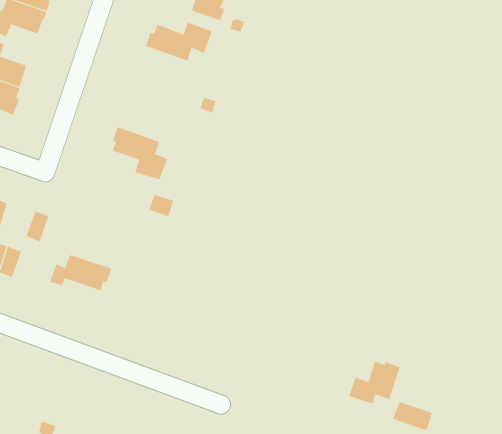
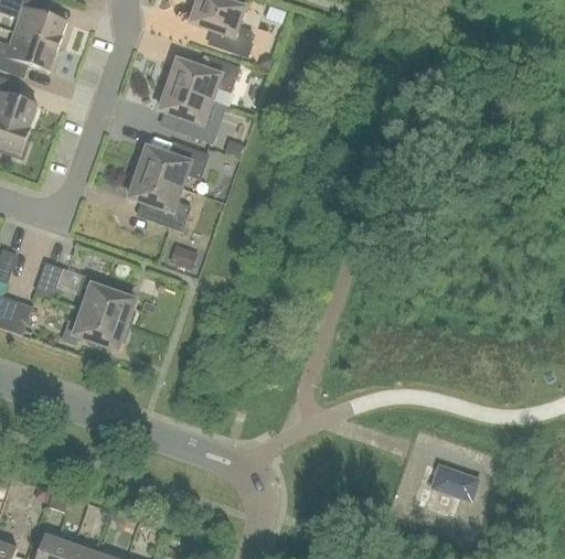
building: none -> [160,83,216,141]
building: none -> [135,143,207,186]
building: none -> [76,273,135,324]
building: [349,361,401,404] -> none

